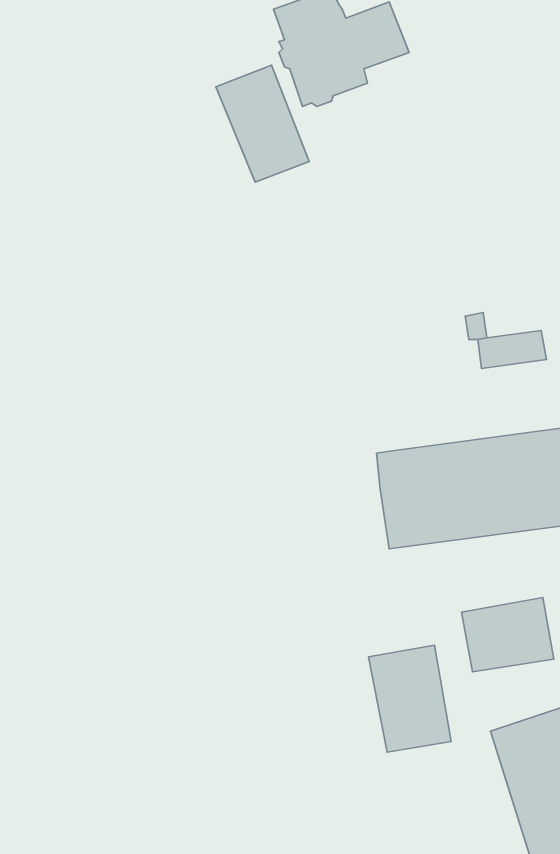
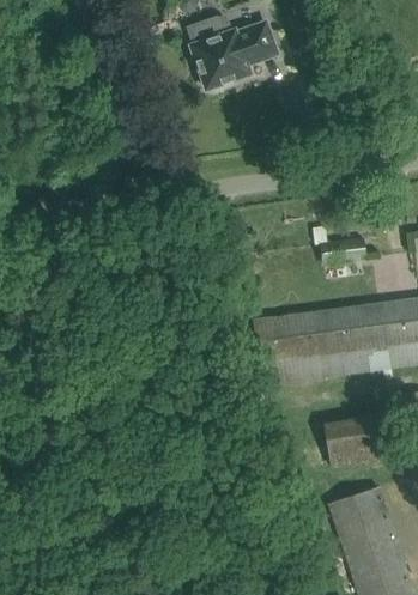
building: [216,65,309,182] -> none
building: [368,645,451,752] -> none

